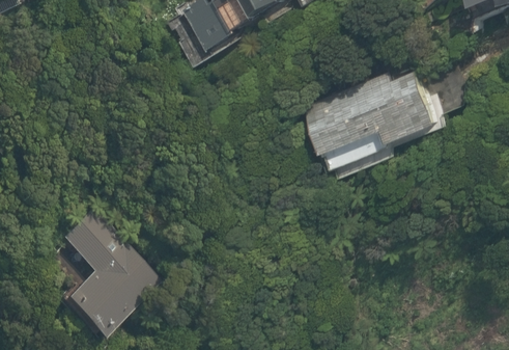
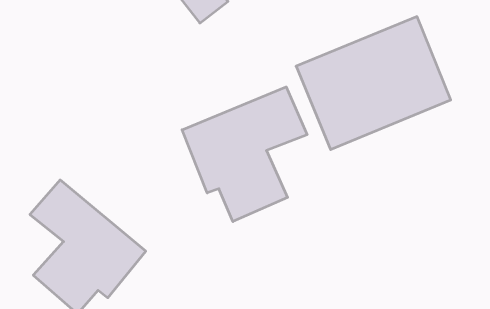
building: none -> [182,87,307,222]

